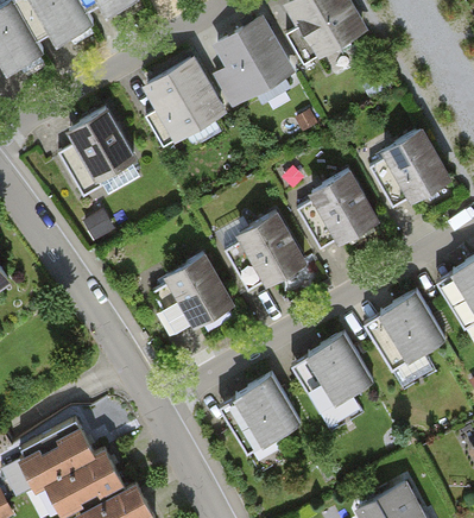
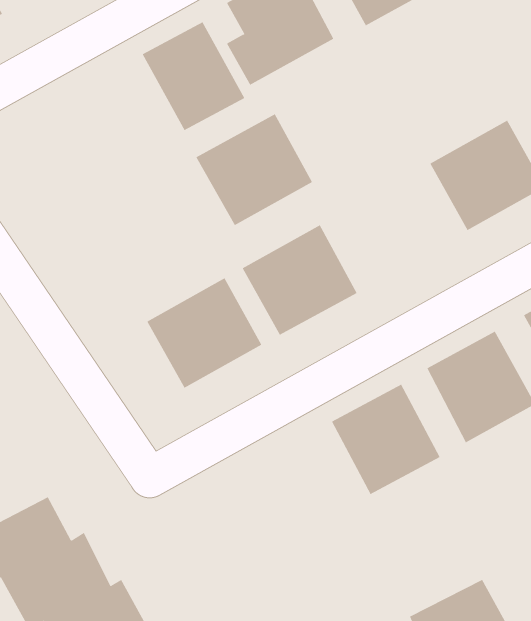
building: [69,107,139,182] -> none
building: [292,171,381,257] -> [196,113,313,226]
building: [216,373,301,457] -> none

